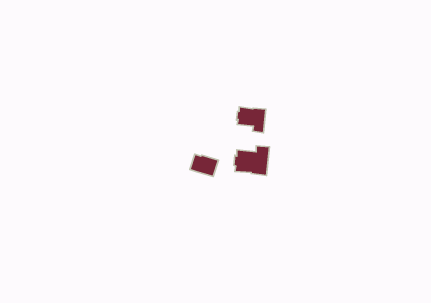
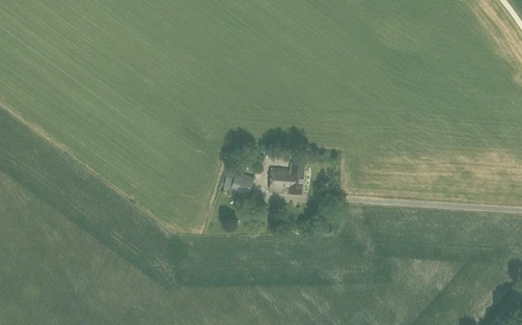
building: [236,107,266,133] -> none

